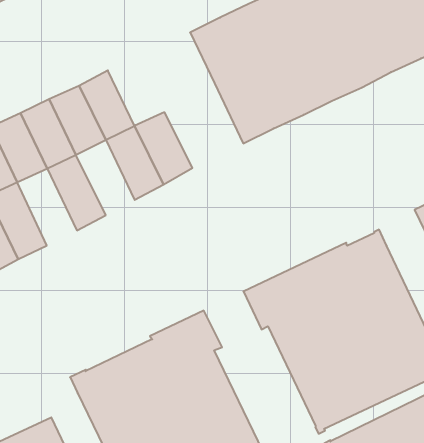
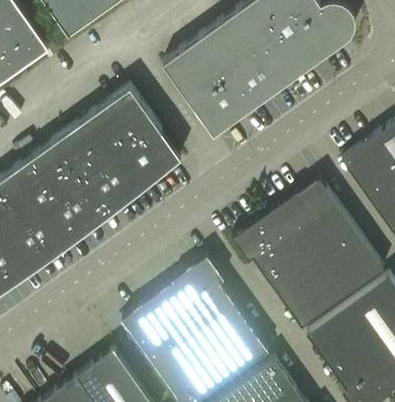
building: none -> [110,88,155,137]
building: none -> [98,150,145,203]
building: none -> [61,177,108,231]

